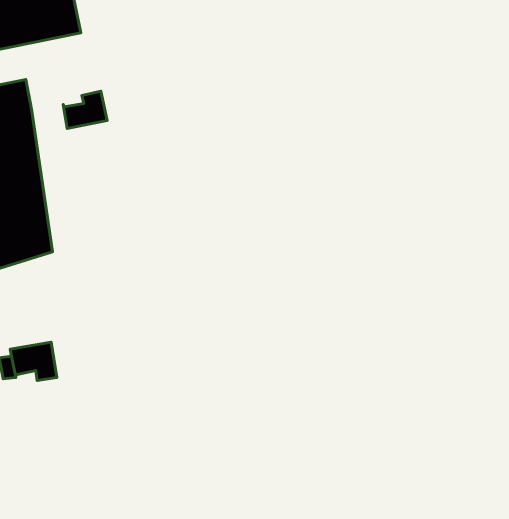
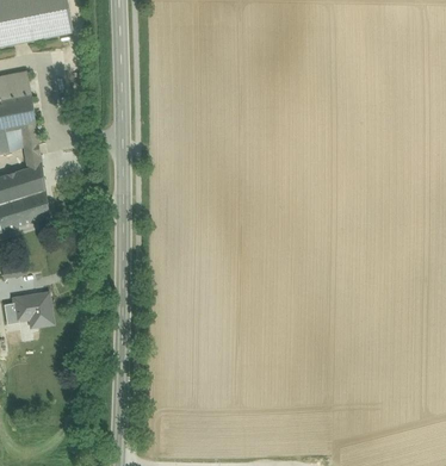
building: [63,91,107,128] -> none

